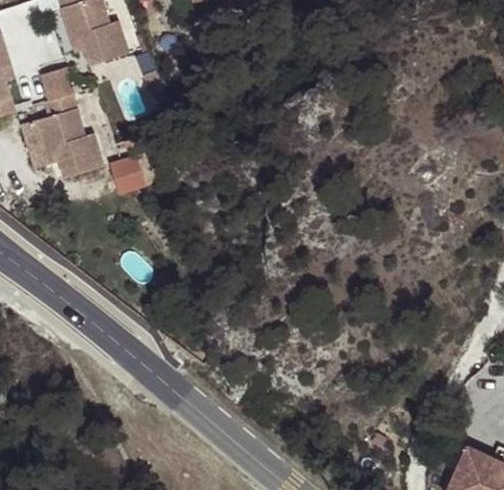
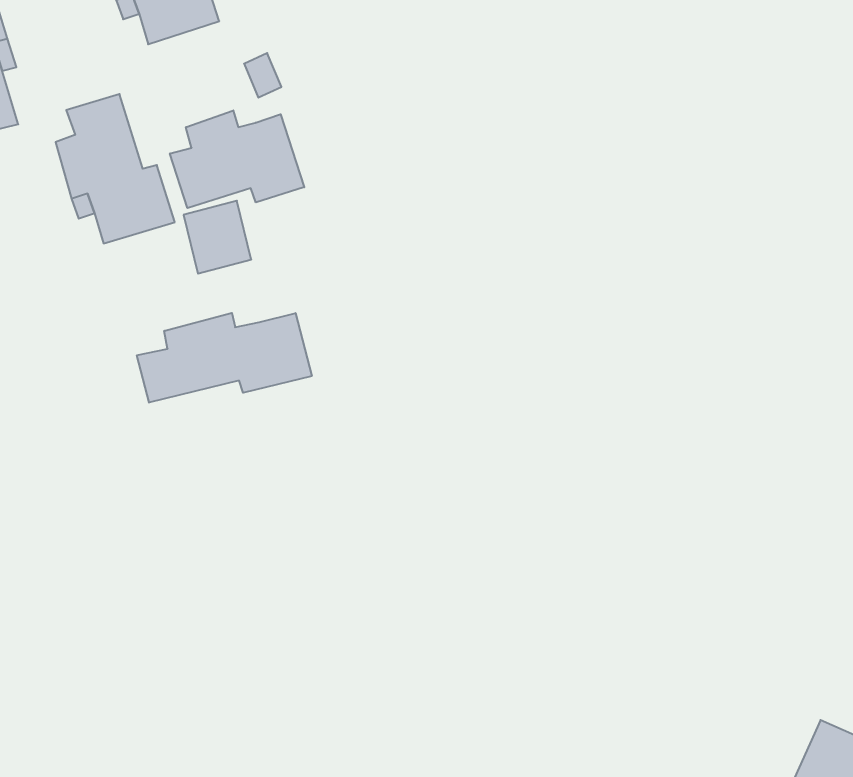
building: none -> [170,110,304,208]
building: none -> [137,313,312,403]

